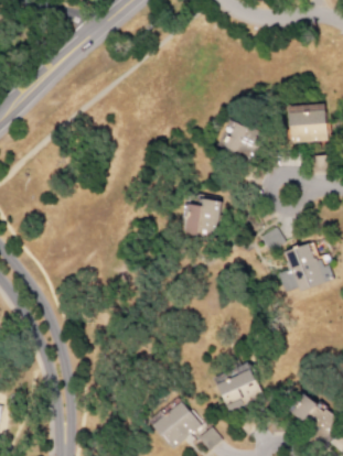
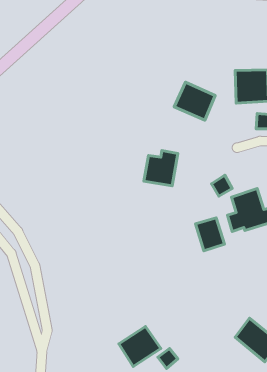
building: none -> [195,218,225,251]
building: [215,361,265,412] -> none

